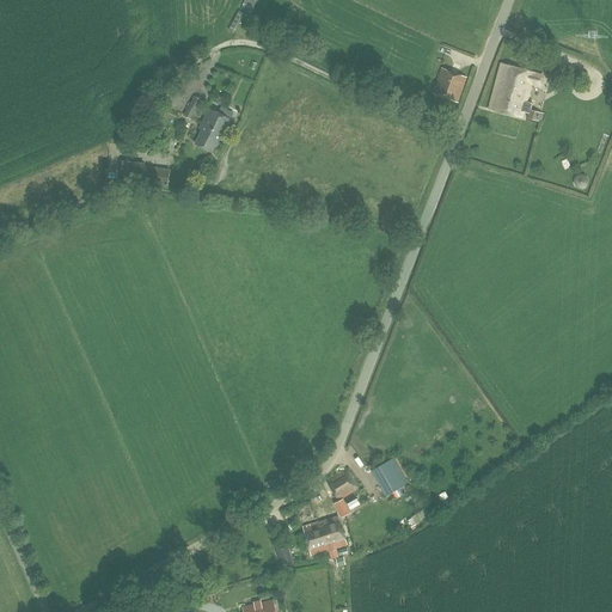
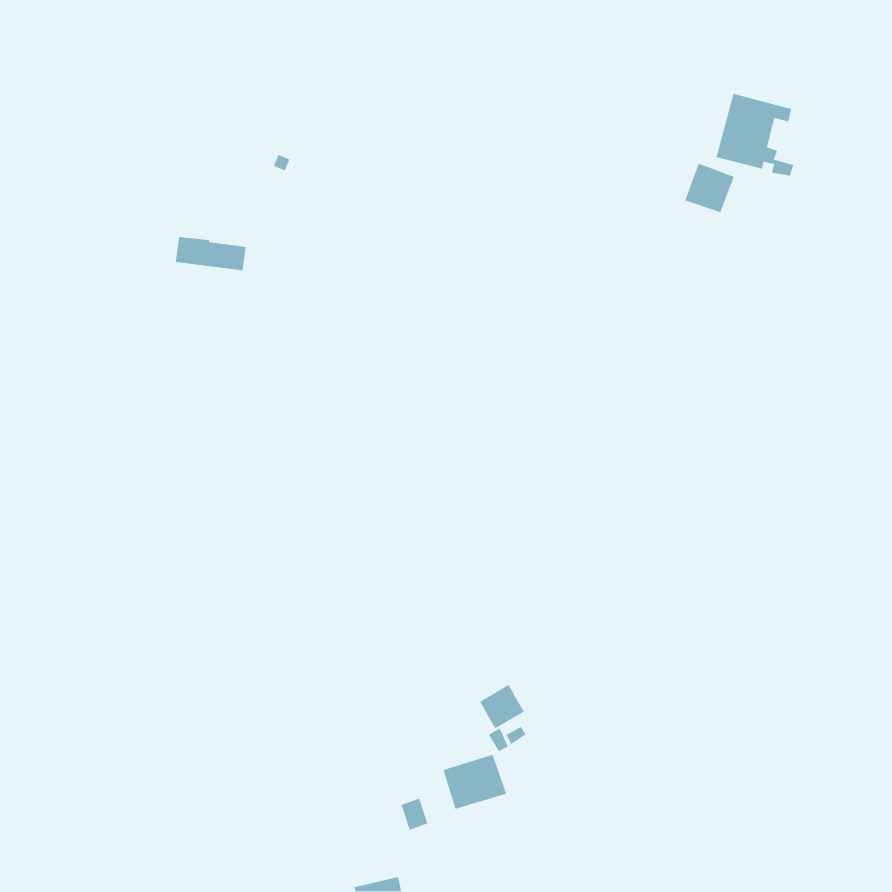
building: [432,67,466,102] -> [684,162,735,213]
building: [194,108,231,151] -> none
building: [371,457,408,494] -> none

